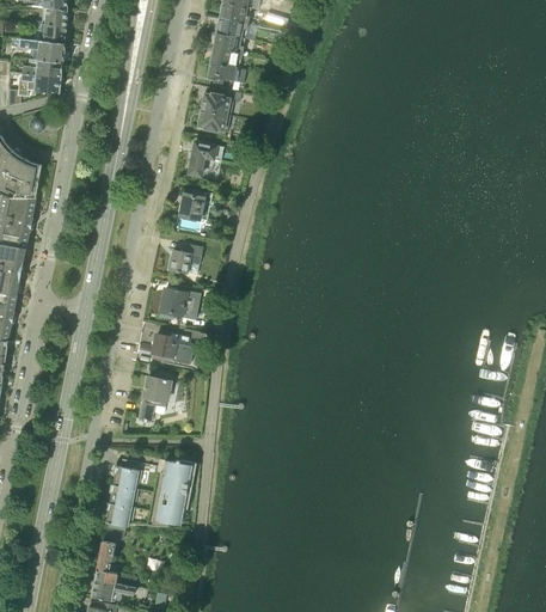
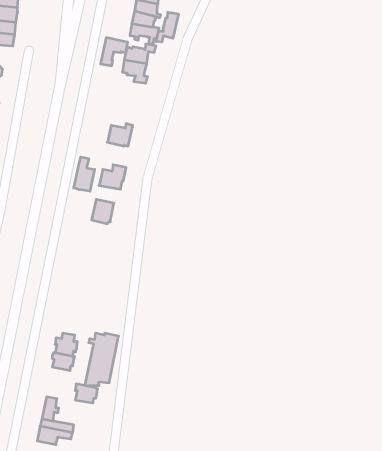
building: none -> [156,12,178,42]
building: [188,141,222,177] -> [101,38,128,66]
building: none -> [74,157,95,191]
building: [151,332,194,365] -> none
building: [139,372,172,421] -> none
building: [105,502,134,526] -> [75,384,98,403]

